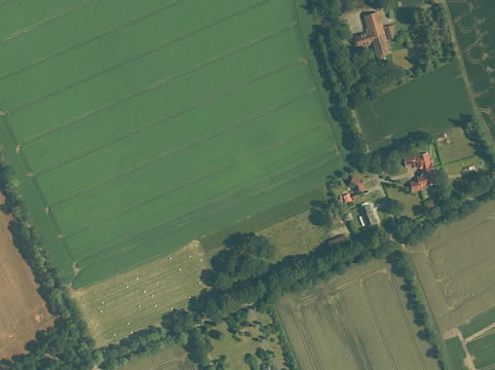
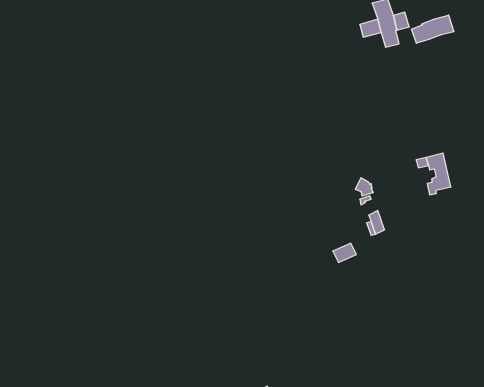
building: none -> [412,15,454,43]

